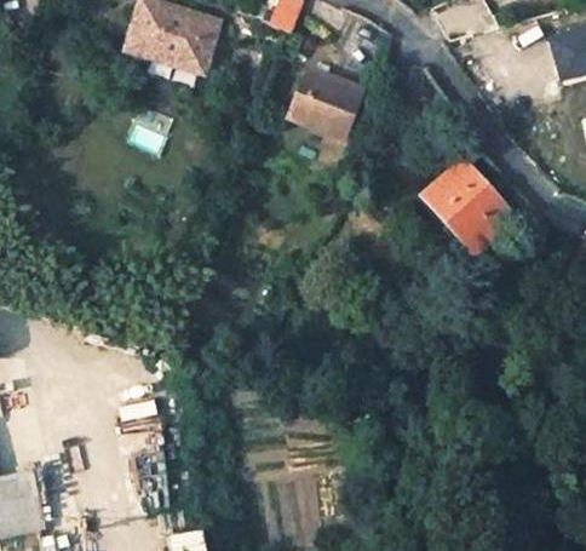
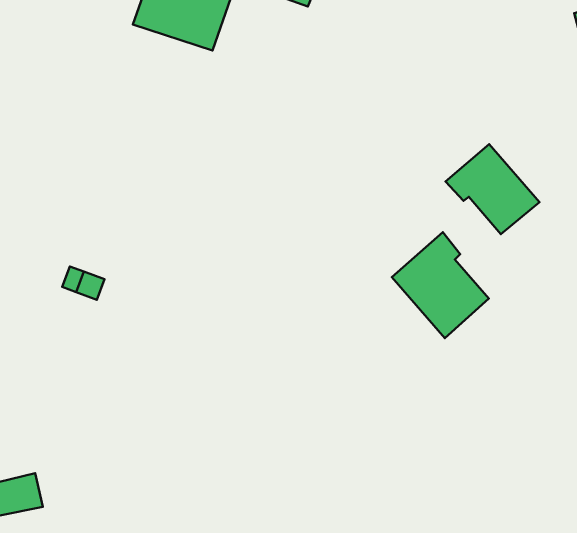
building: [286,70,361,140] -> none
building: none -> [392,232,489,338]

